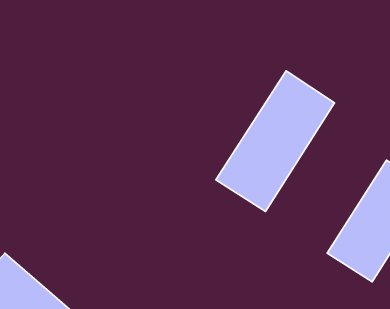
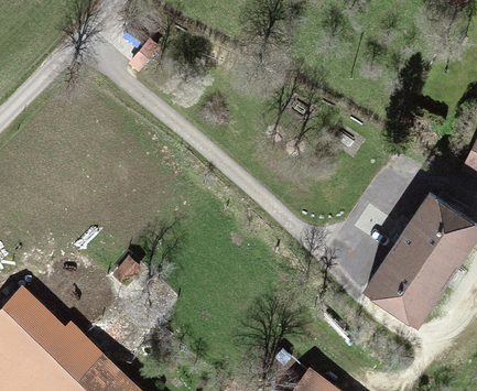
building: [216,71,335,211] -> none

